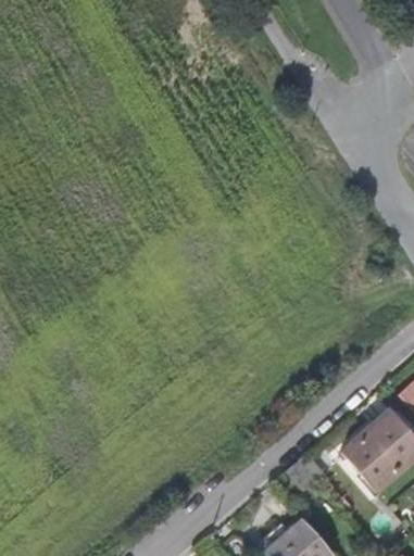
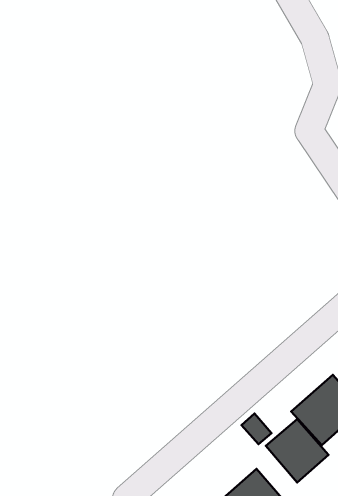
building: none -> [266,419,329,482]

